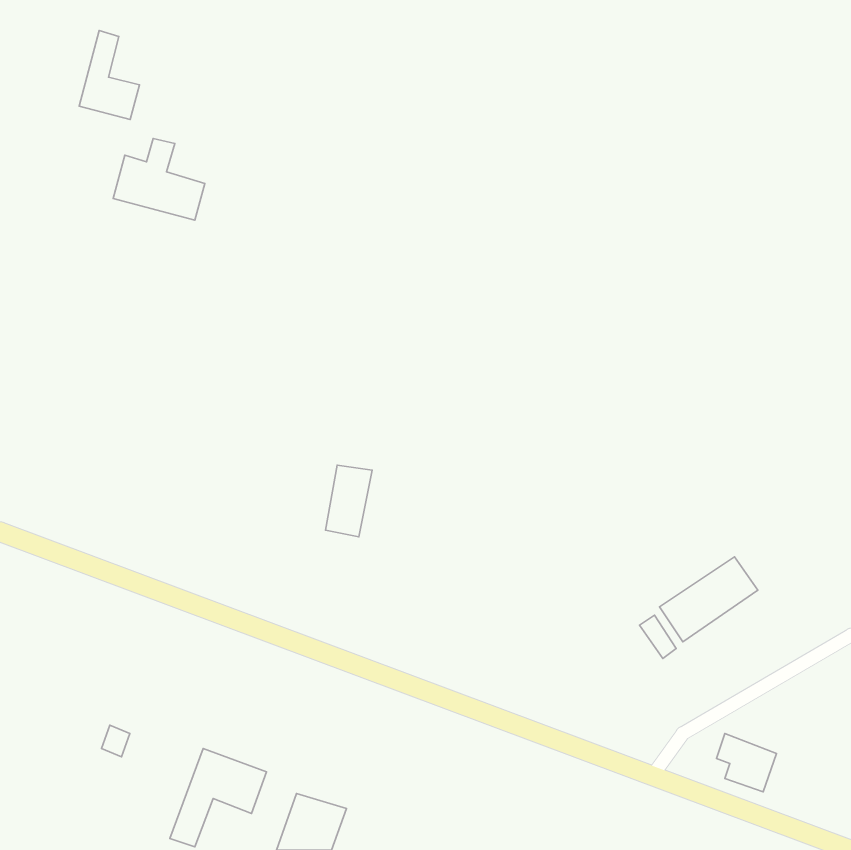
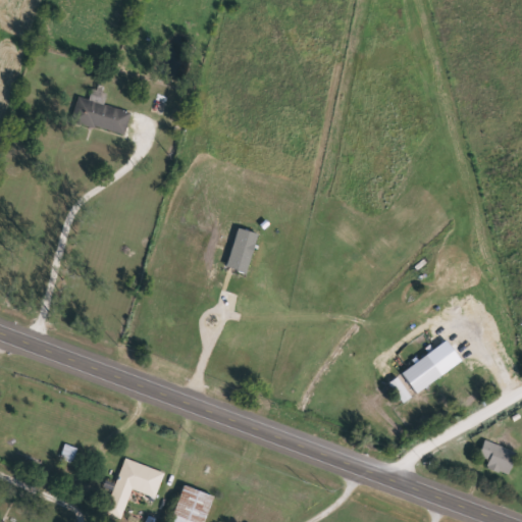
building: [79,31,140,120] -> none
building: [326,465,372,537] -> [230,228,259,272]
building: [717,733,777,792] -> [479,439,516,475]

